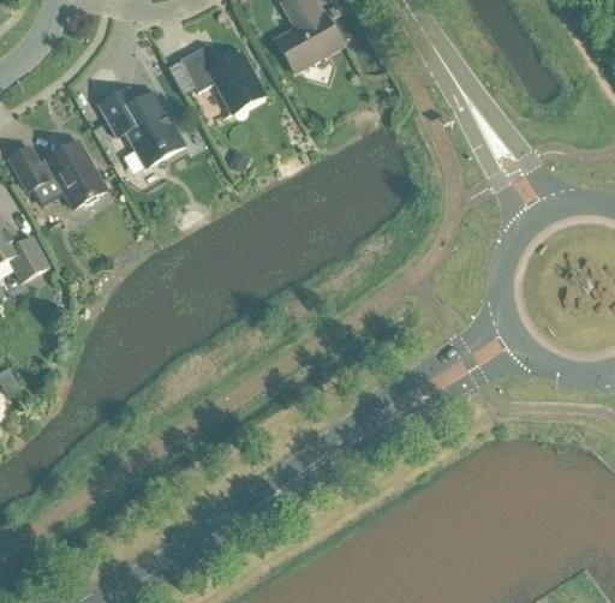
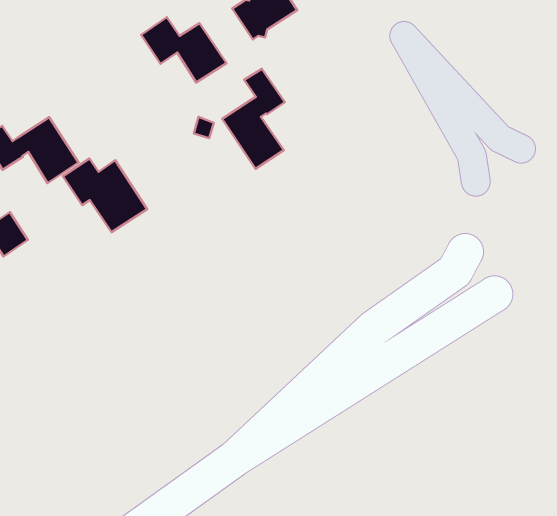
building: [97,88,183,166] -> [63,158,147,232]
building: none -> [222,69,285,169]

